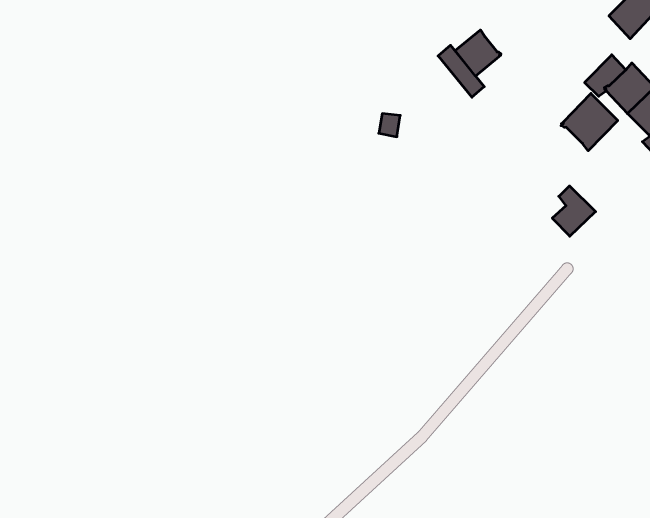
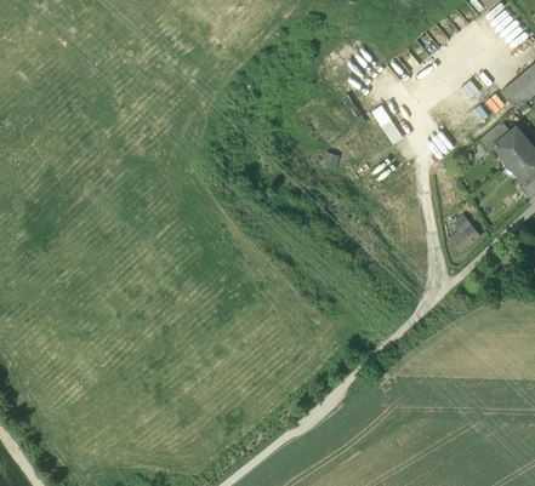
building: [455,30,501,76] -> none
building: [561,93,618,151] -> none

